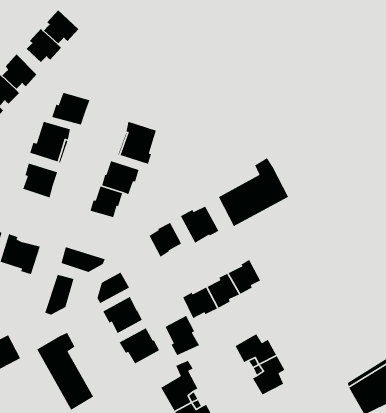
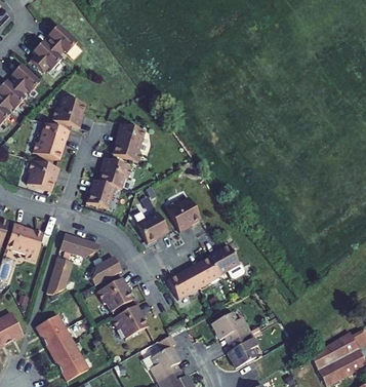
building: [218,157,289,227] -> none
building: [164,315,200,356] -> none

